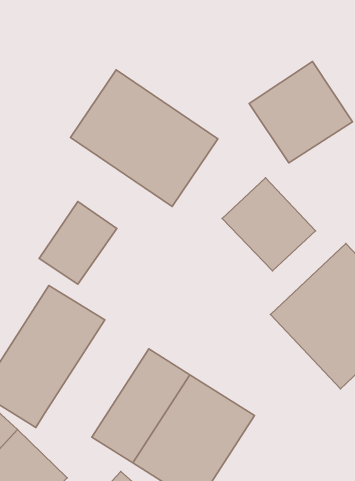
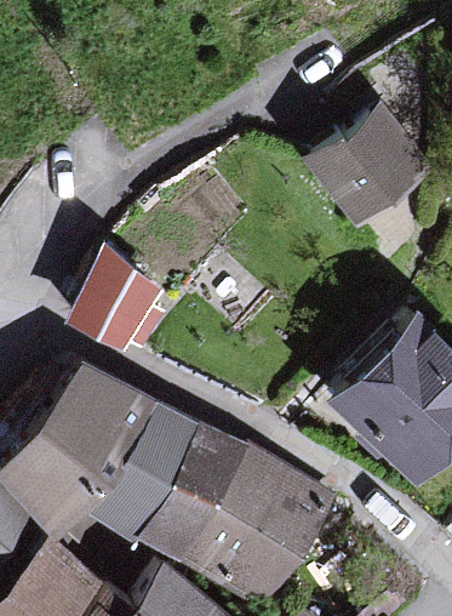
building: [70,70,218,206] -> none
building: [222,178,315,271] -> none
building: none -> [82,400,200,537]

